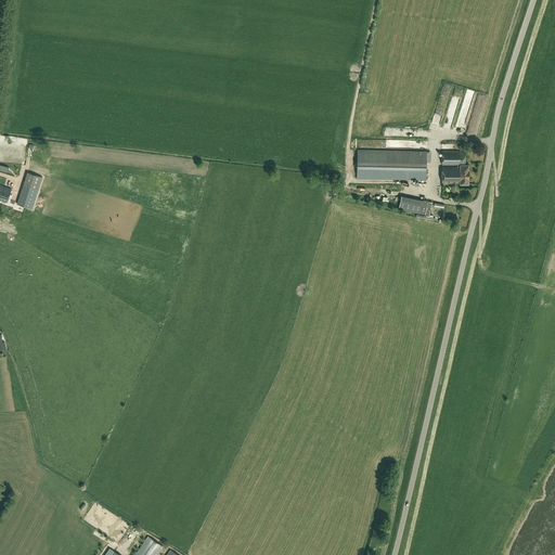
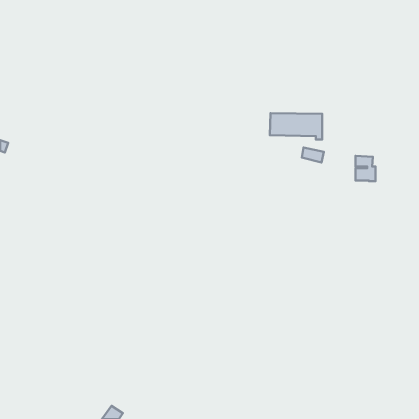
building: [442,151,468,184] -> [356,156,375,181]
building: [16,172,42,209] -> none

